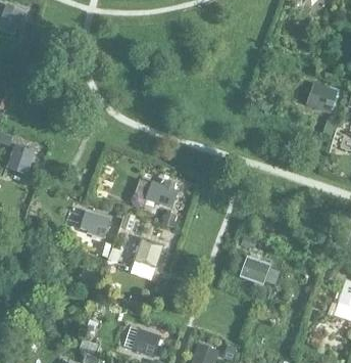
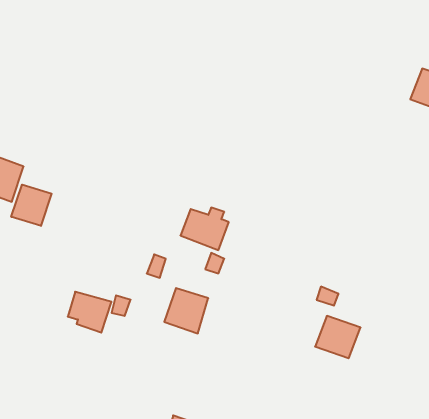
building: none -> [11,185,52,226]
building: [80,211,110,239] -> [68,292,112,333]

